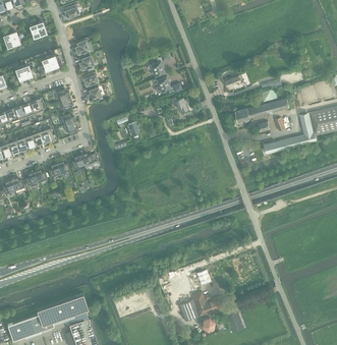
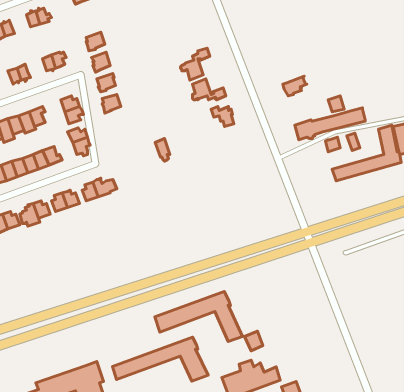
building: none -> [155,291,242,341]
building: none -> [113,337,208,381]

